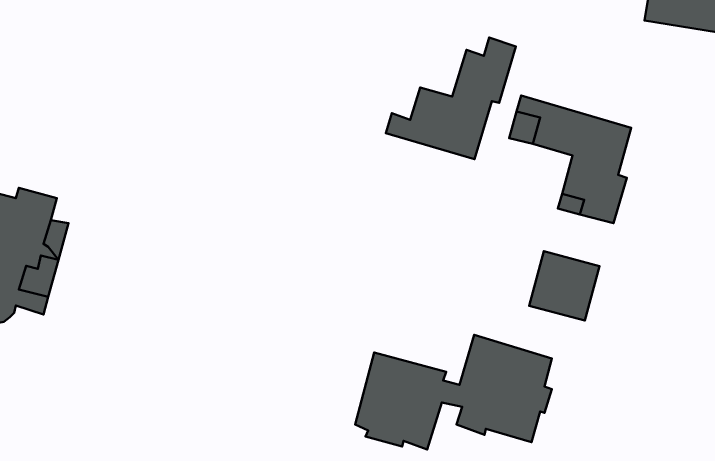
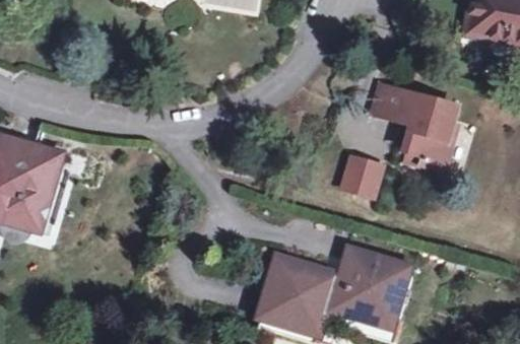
building: [386,37,516,159] -> none
building: [529,251,600,320] -> [334,149,383,197]

